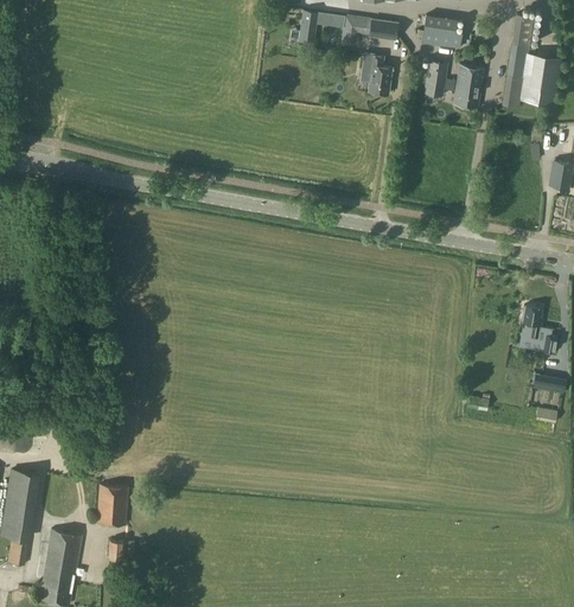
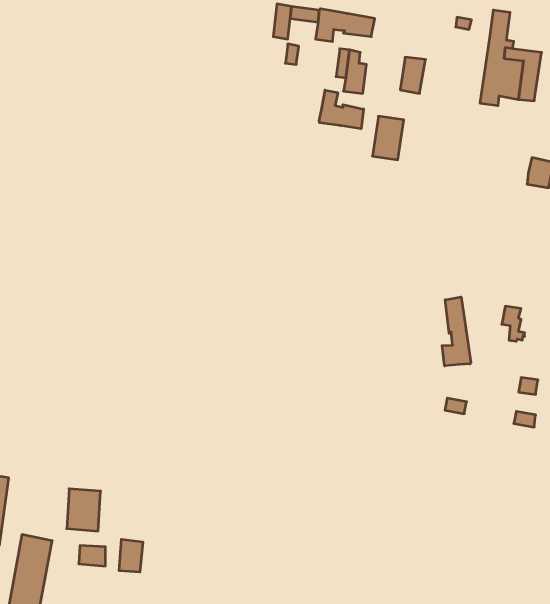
building: [421,15,464,50] -> none
building: [453,65,484,108] -> [372,116,404,160]
building: none -> [319,90,364,129]
building: none -> [442,297,471,366]
building: none -> [119,539,143,572]

